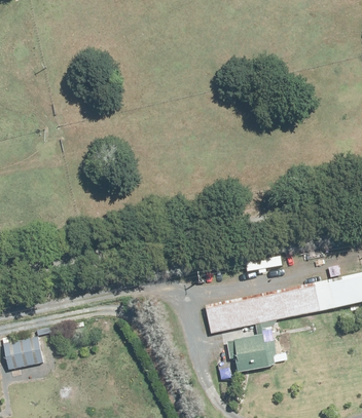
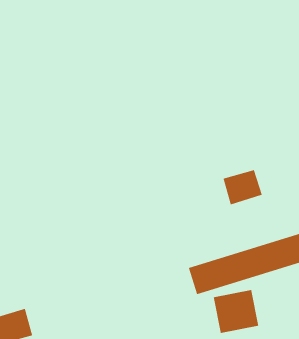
building: none -> [222,169,263,205]

